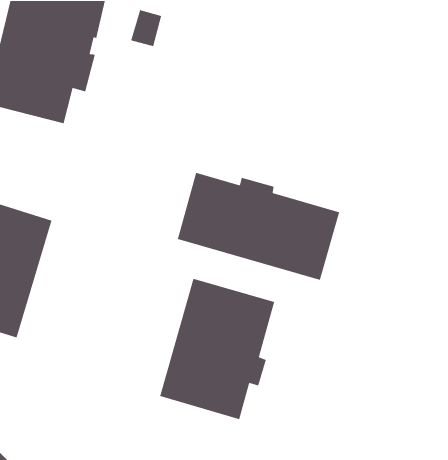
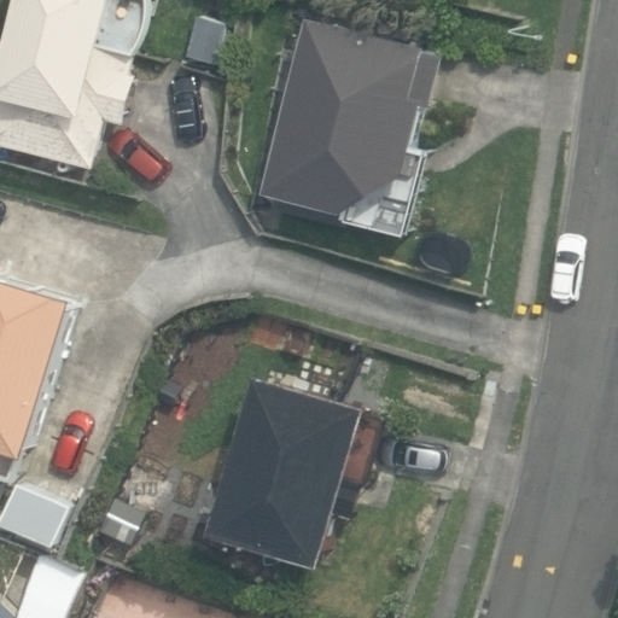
building: none -> [263,18,424,234]
building: [177,172,340,281] -> none

